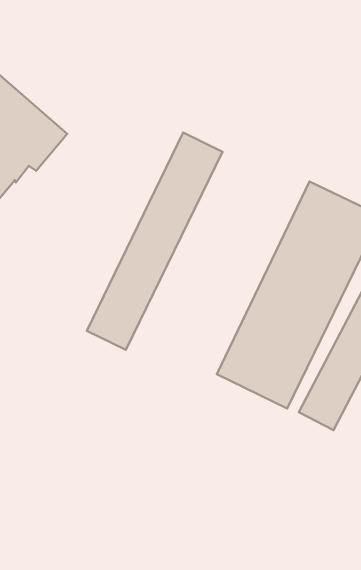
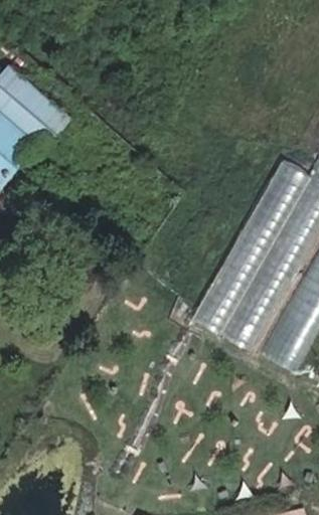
building: [87,133,222,350] -> none

